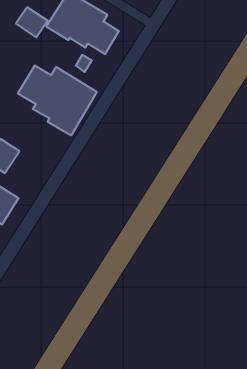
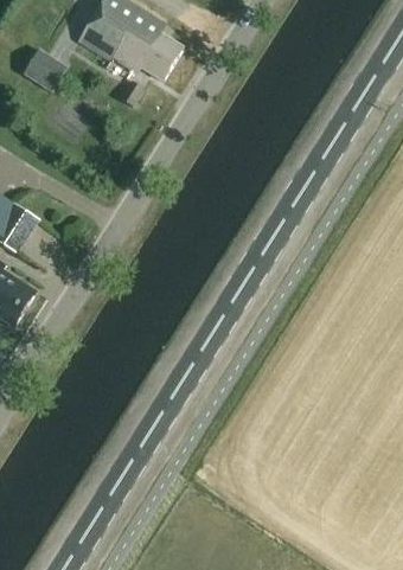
building: [16,7,48,37] -> [21,49,68,92]
building: [18,65,97,135] -> none

